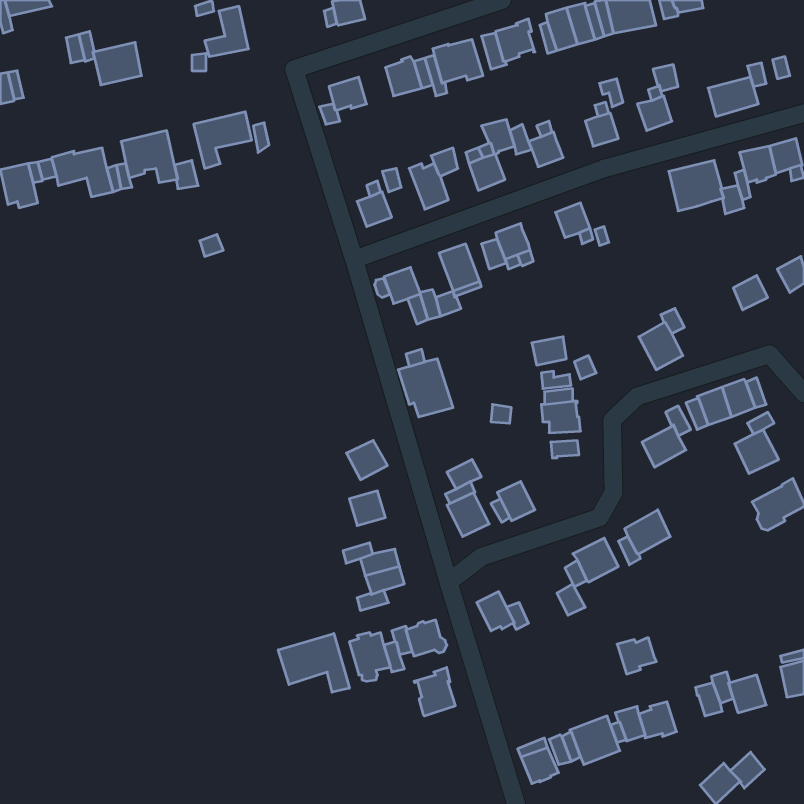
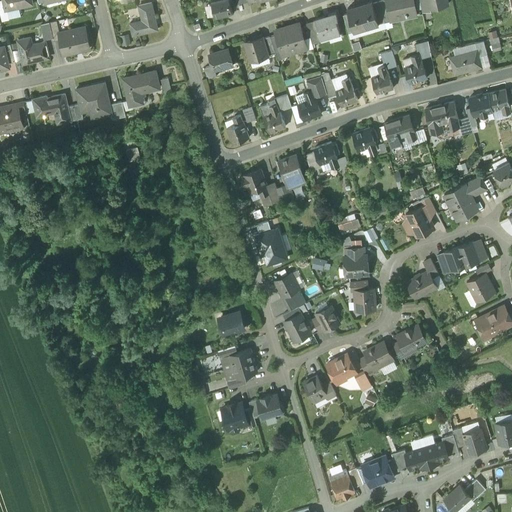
building: none -> [18,38,49,64]
building: none -> [384,115,417,151]
building: none -> [444,183,478,219]
building: [346,440,387,480] -> [274,273,300,298]
building: none -> [354,288,375,310]
building: none -> [327,354,356,381]
building: [278,633,349,692] -> none
building: [617,638,656,674] -> [424,442,449,465]
building: [414,667,455,716] -> none

